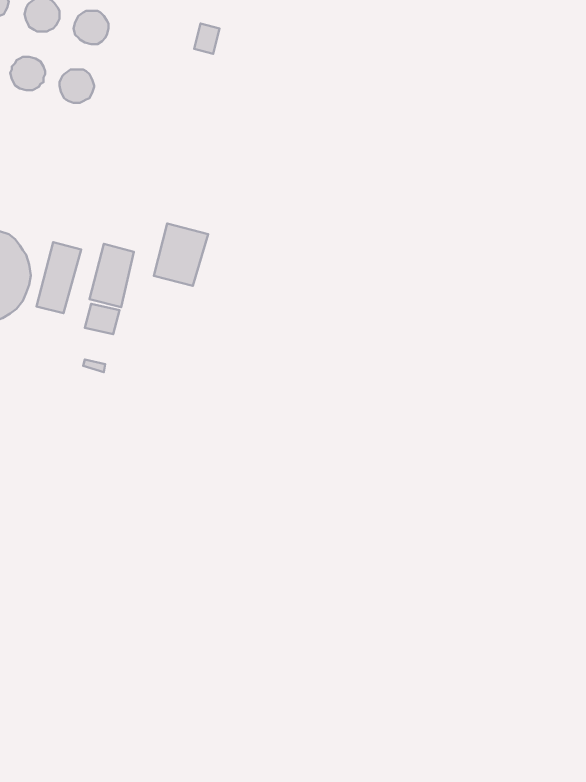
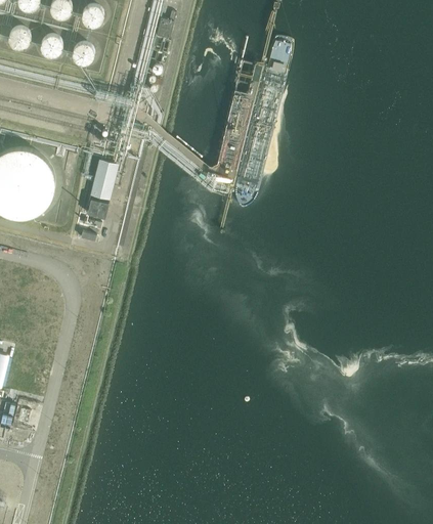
building: [154,224,208,286] -> none
building: [37,242,81,313] -> none

